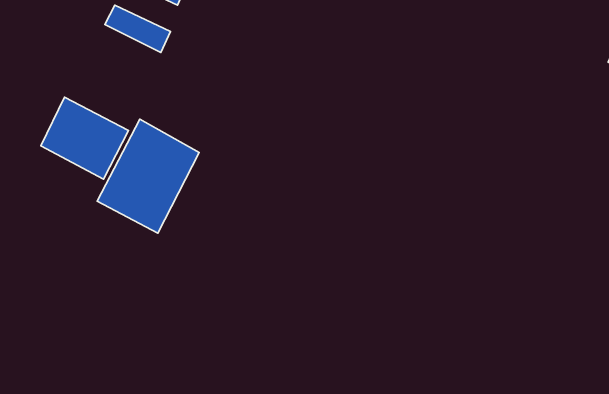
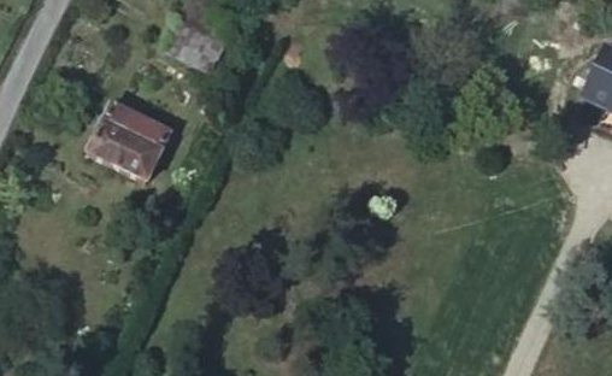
building: [97,119,199,233] -> none

